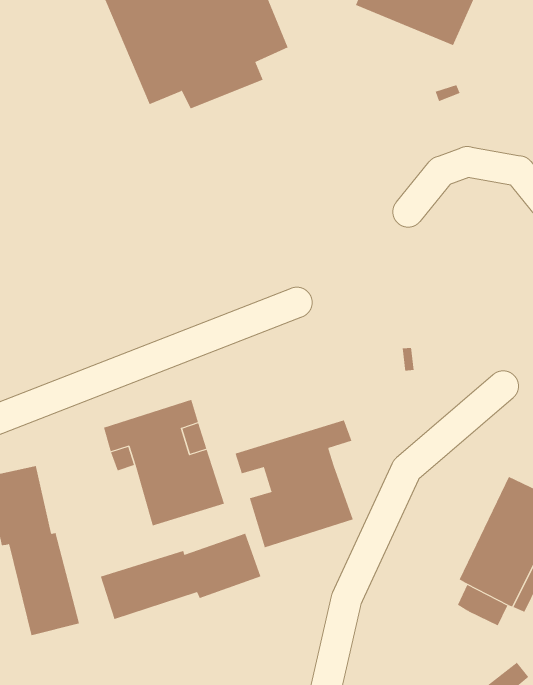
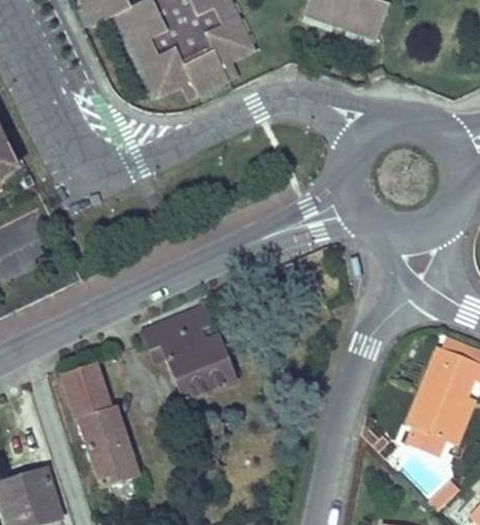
building: [235,419,354,548] -> none
building: [100,533,261,620] -> none

